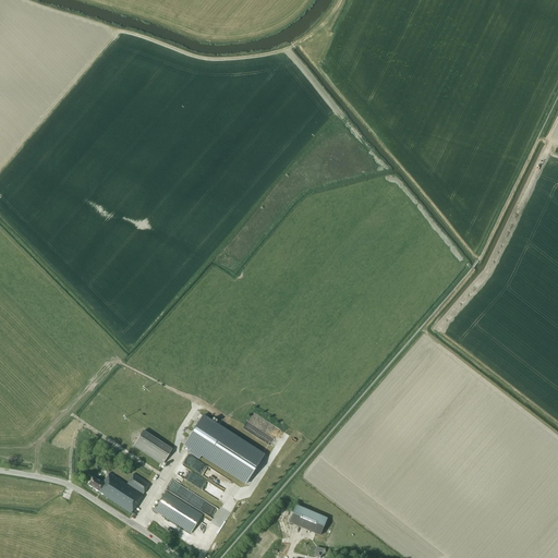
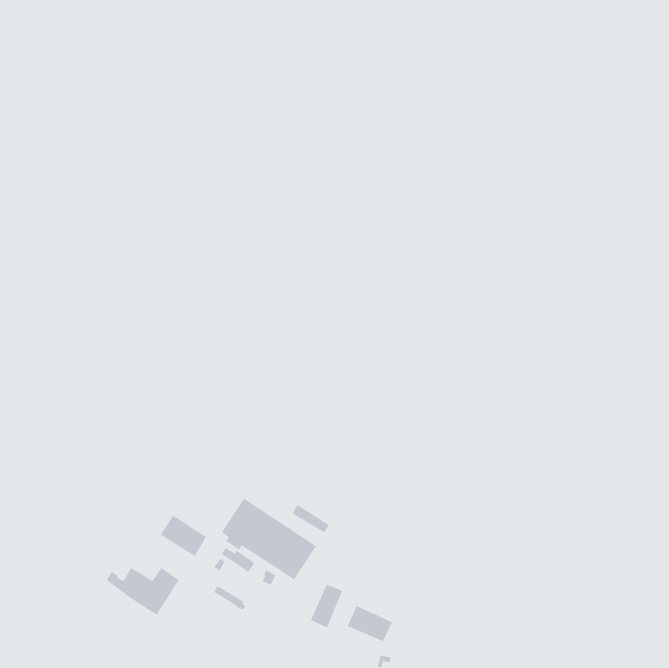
building: none -> [310,584,343,628]
building: [154,489,203,533] -> none

